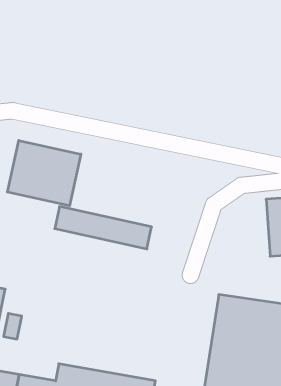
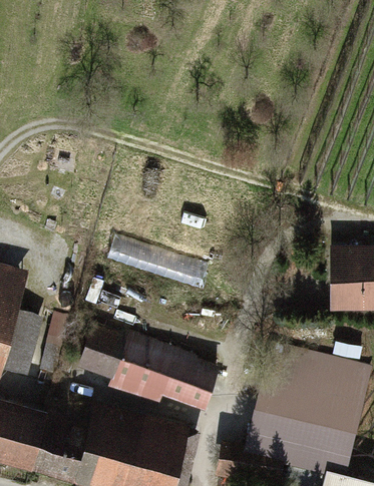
building: [7,140,81,206] -> none
building: none -> [80,329,222,412]

